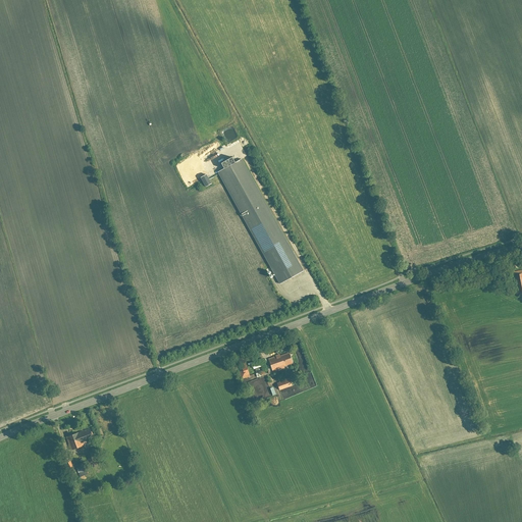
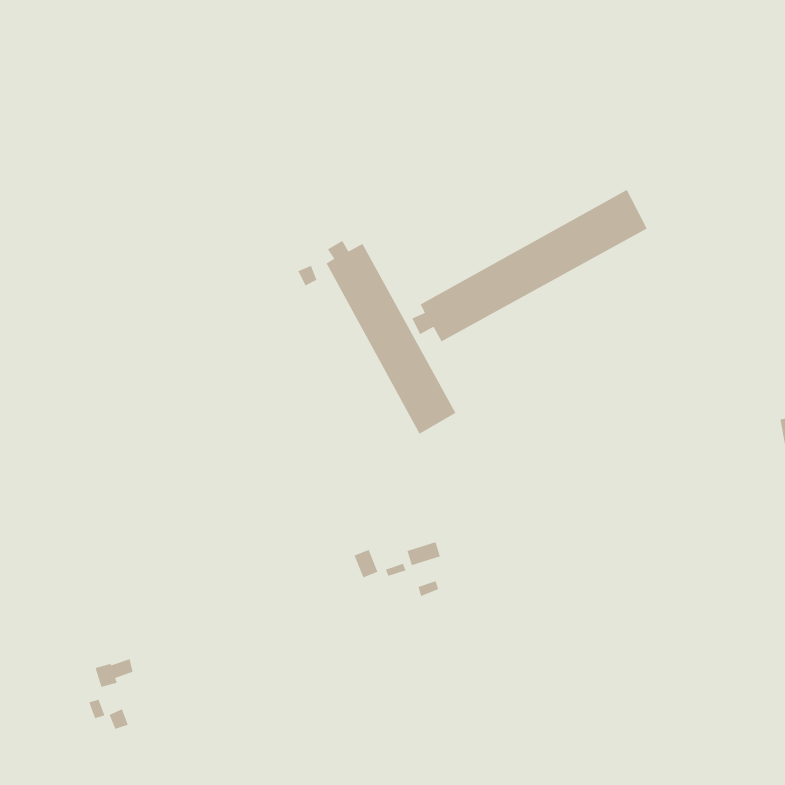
building: none -> [411,189,648,343]

